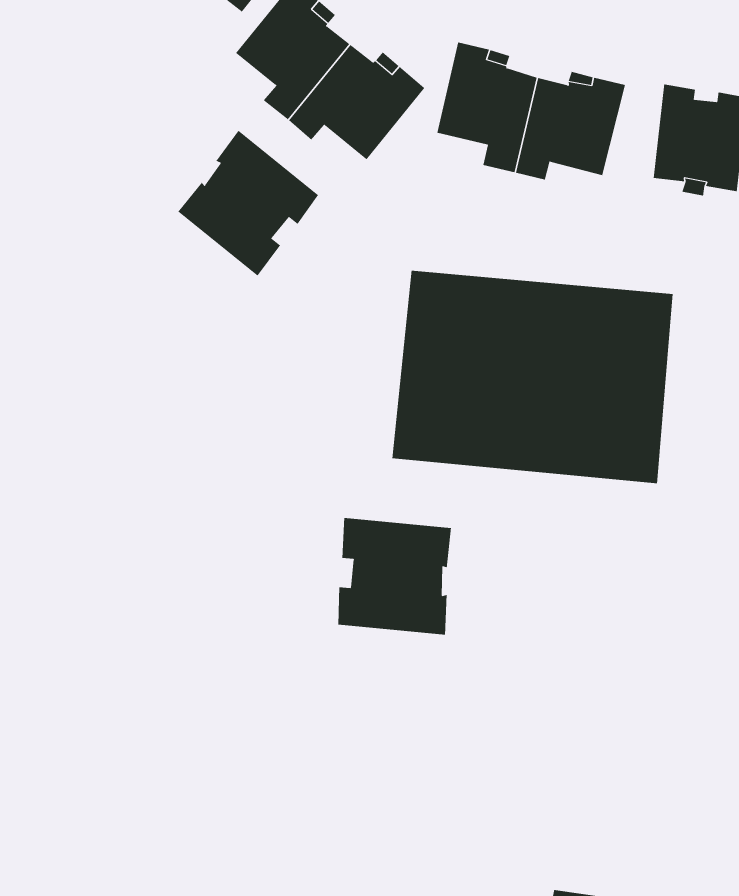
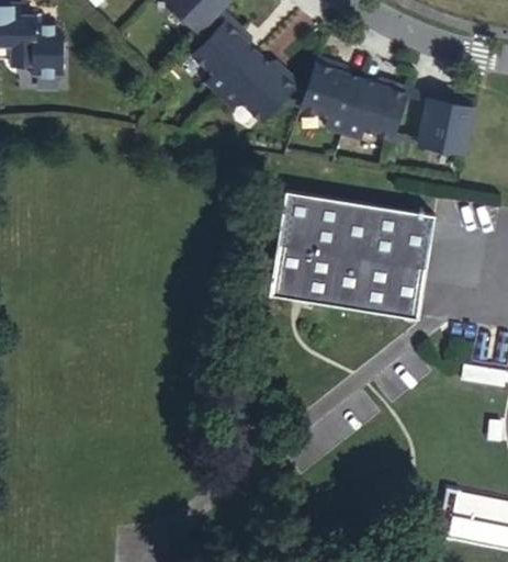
building: [177,130,319,277] -> none
building: [338,517,451,636] -> none

